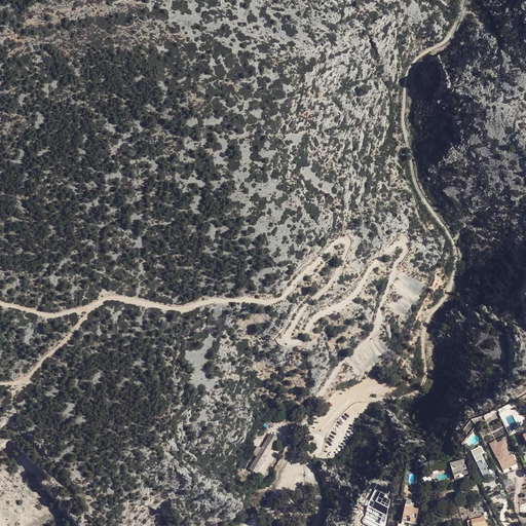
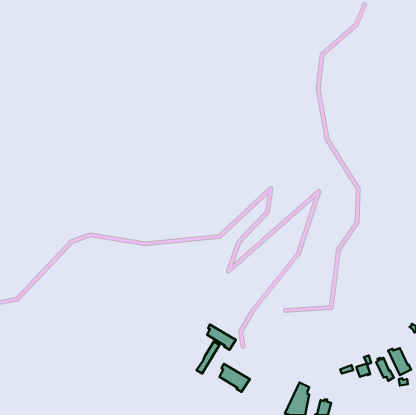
building: none -> [207,324,236,350]
building: none -> [219,364,250,392]

